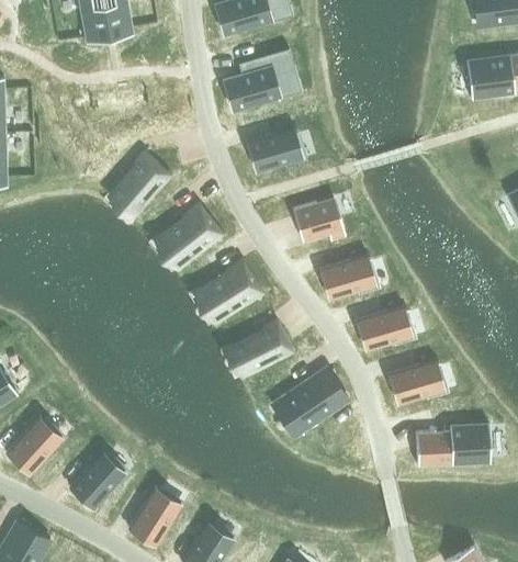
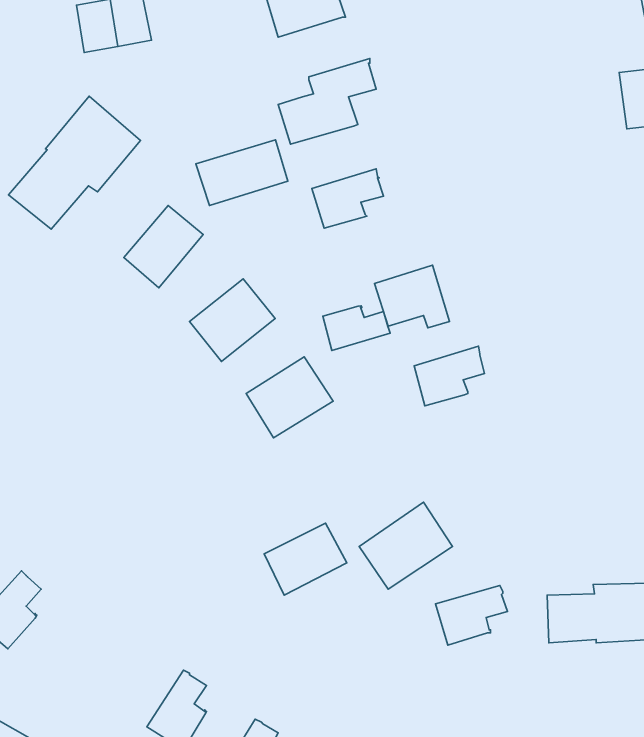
building: none -> [9,96,140,229]
building: none -> [196,140,288,206]
building: none -> [323,306,390,351]
building: [357,307,408,350] -> none
building: [233,324,292,375] -> [264,523,347,595]
building: [388,361,440,404] -> [436,585,507,645]
building: [69,451,115,507] -> none

